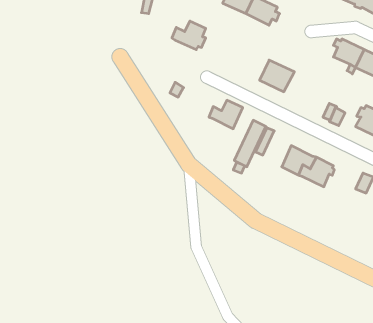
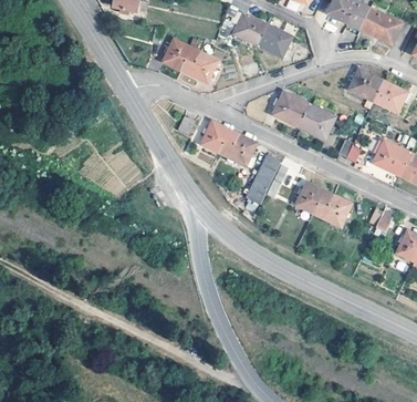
building: none -> [163,39,200,70]
building: none -> [299,105,335,140]
building: none -> [201,122,239,153]

